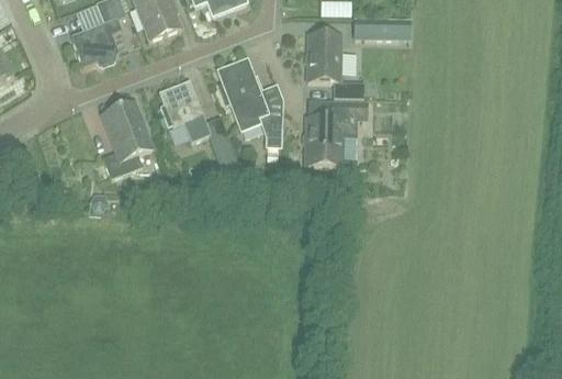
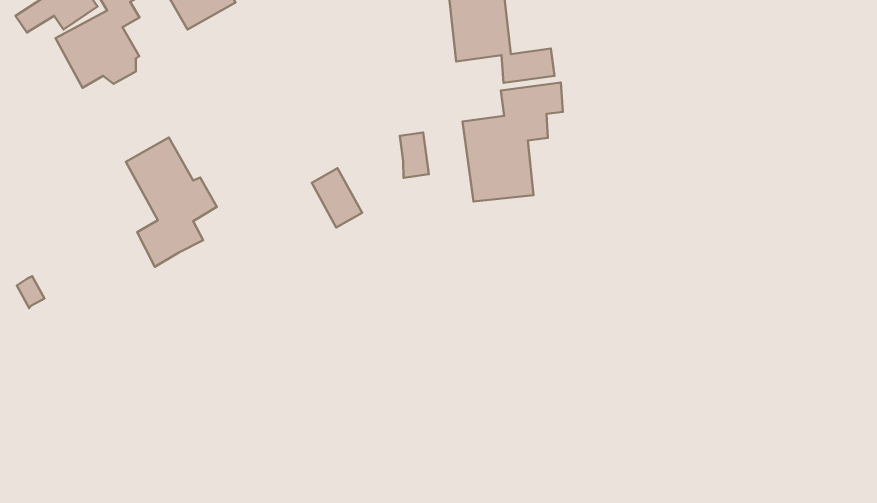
building: [217,55,269,129] -> none
building: [159,78,211,137] -> none

